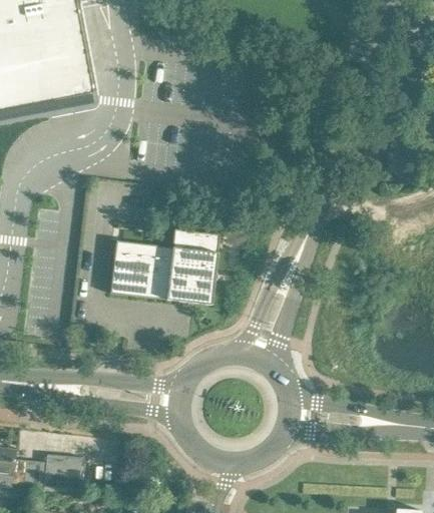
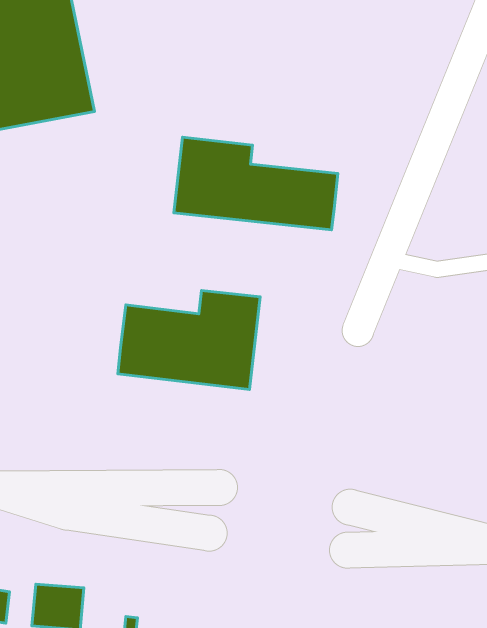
building: none -> [174,137,338,230]

